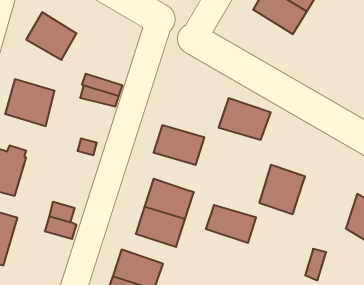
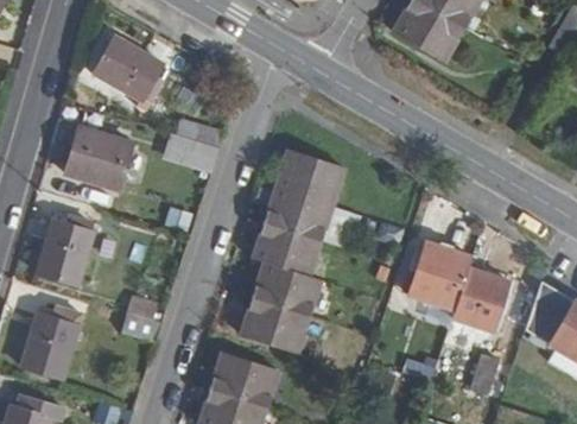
building: [219,98,271,140] -> [275,148,345,204]
building: none -> [449,267,505,330]
building: [206,205,256,243] -> [253,224,321,276]

